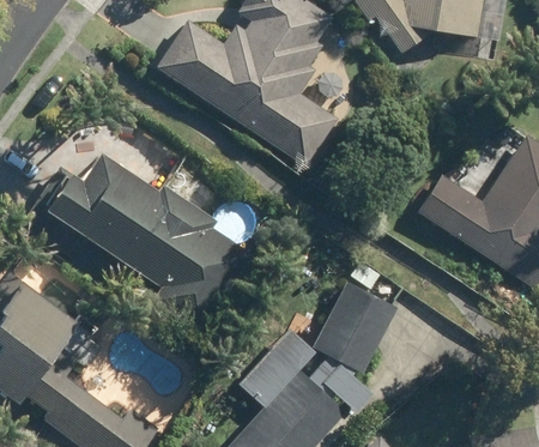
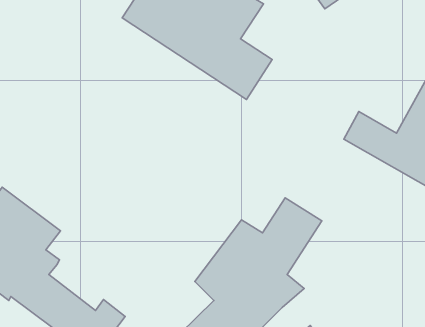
building: [60,157,250,333] -> none

